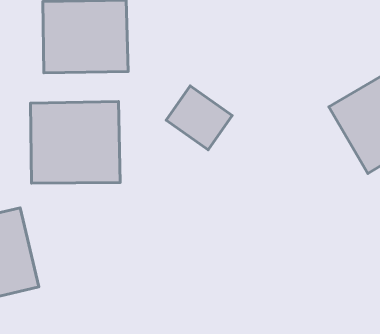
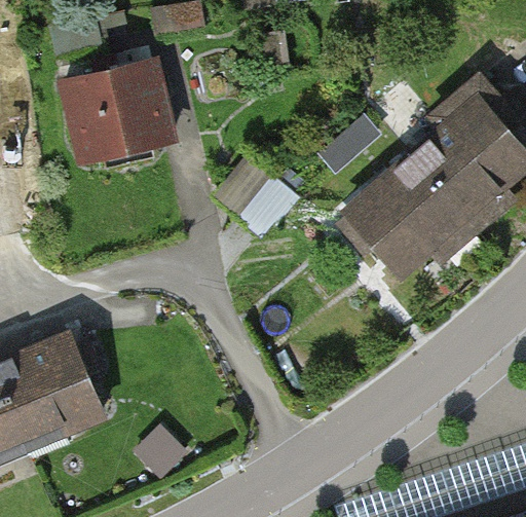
building: [30,102,120,183] -> none
building: none -> [346,146,477,276]

